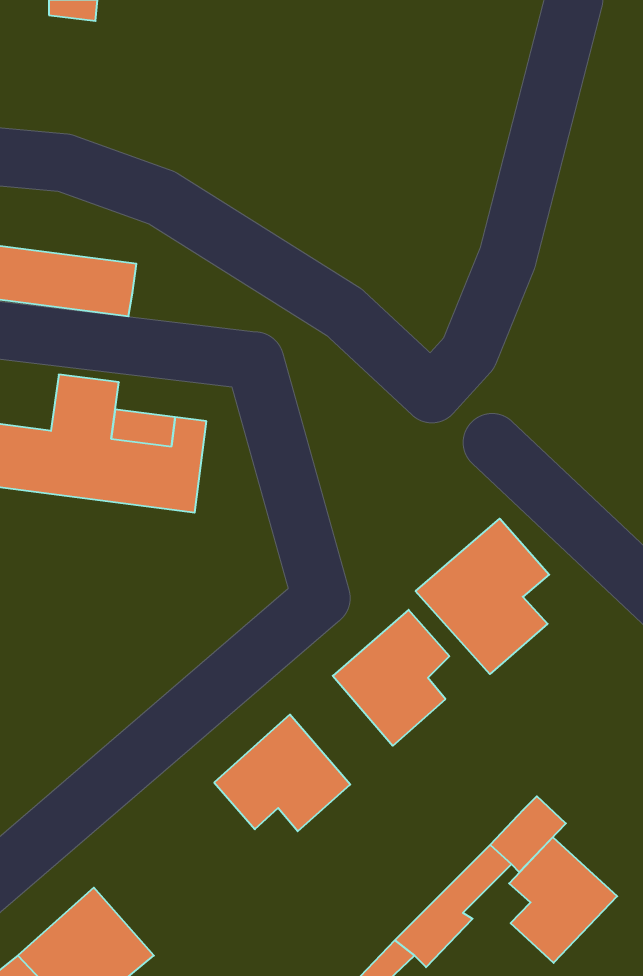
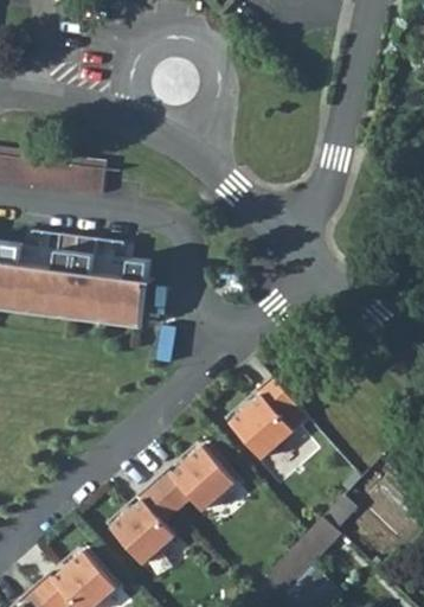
building: [416,519,549,674] -> none
building: none -> [108,485,179,568]
building: [509,837,617,963] -> none

